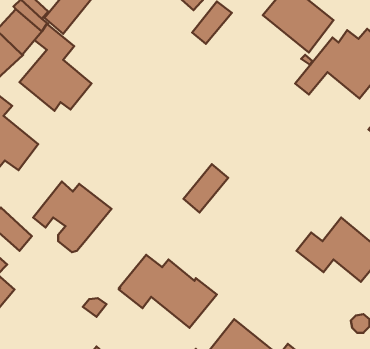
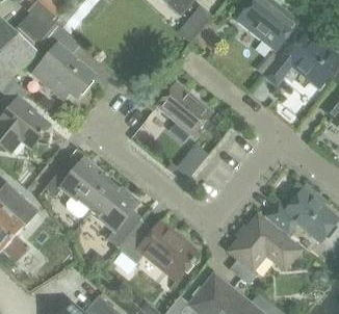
building: none -> [141,79,211,142]
building: none -> [87,180,139,246]
building: none -> [227,214,299,284]

